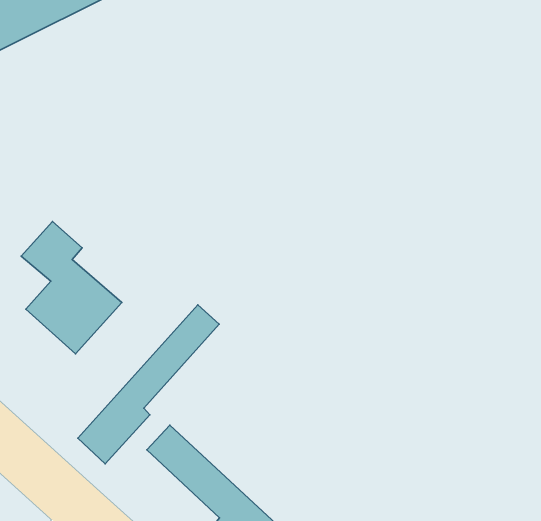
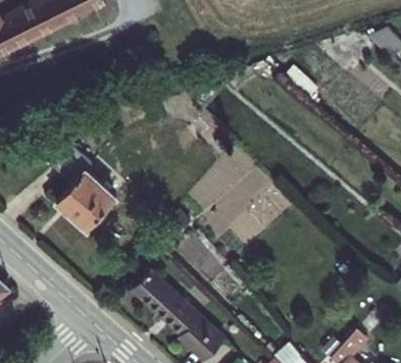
building: [78,305,219,464] -> none

